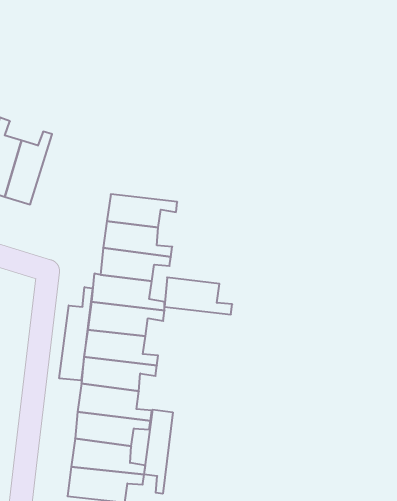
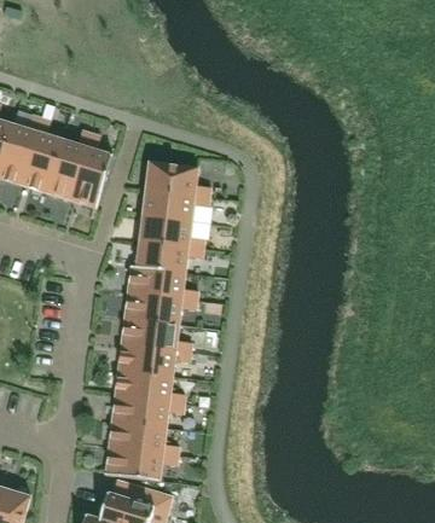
building: none -> [70,133,112,208]
building: [165,277,232,314] -> [146,162,210,197]
building: [59,287,92,381] -> none
building: [144,410,173,494] -> none

